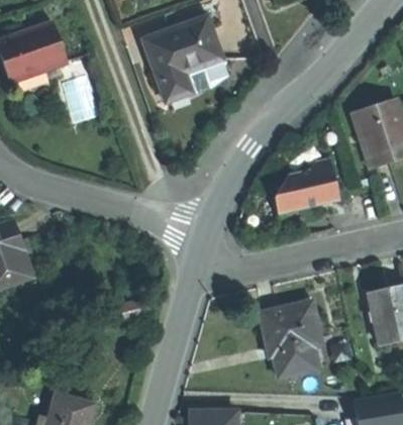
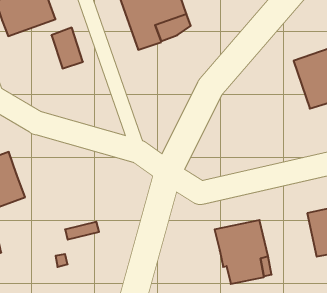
building: [272,158,335,214] -> none

